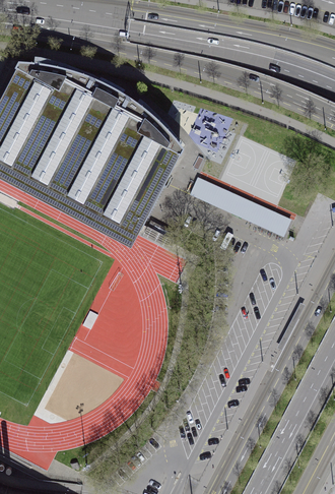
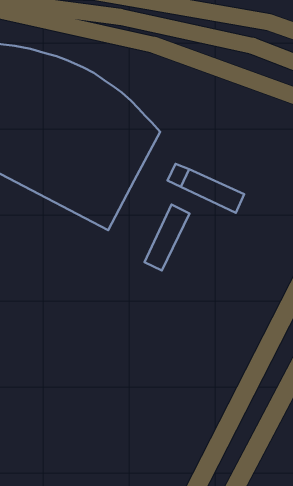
building: [245,200,279,231] -> none
building: none -> [144,204,190,270]

